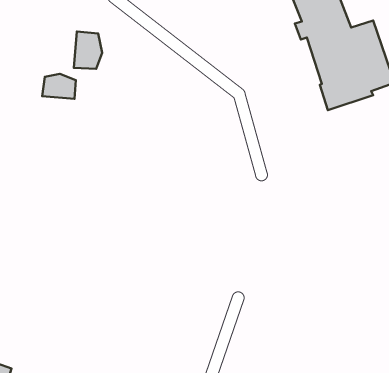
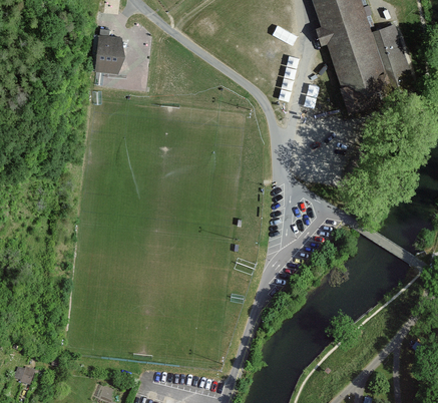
building: [42,74,76,99] -> none

